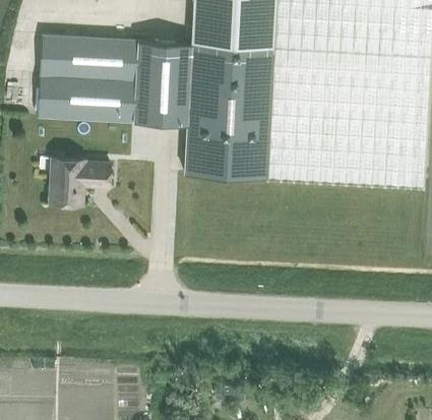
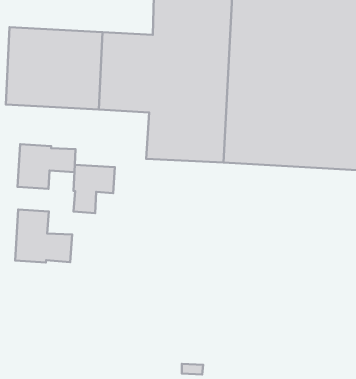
building: none -> [73,165,115,213]
building: none -> [15,210,72,262]

